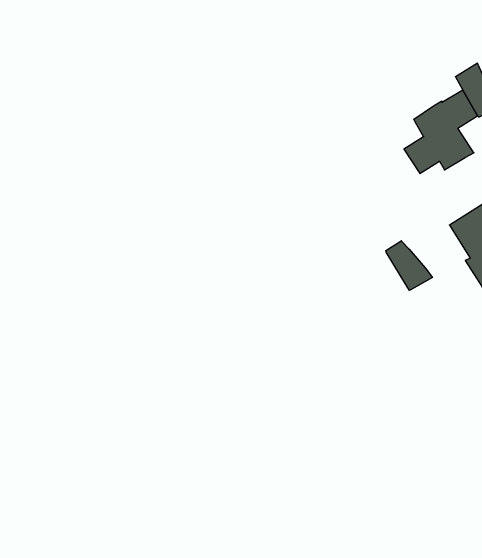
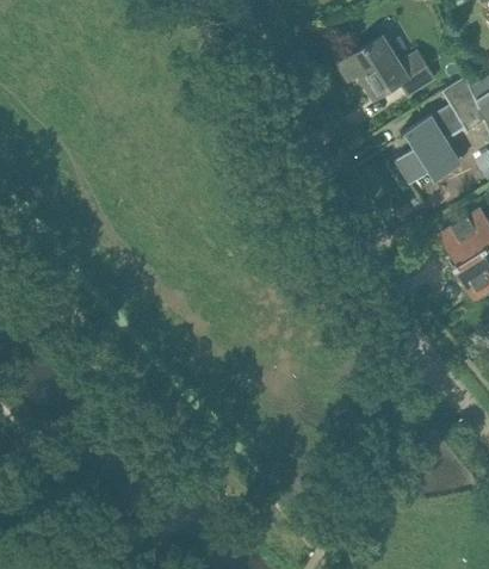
building: none -> [339,36,434,98]
building: [386,241,432,290] -> none

